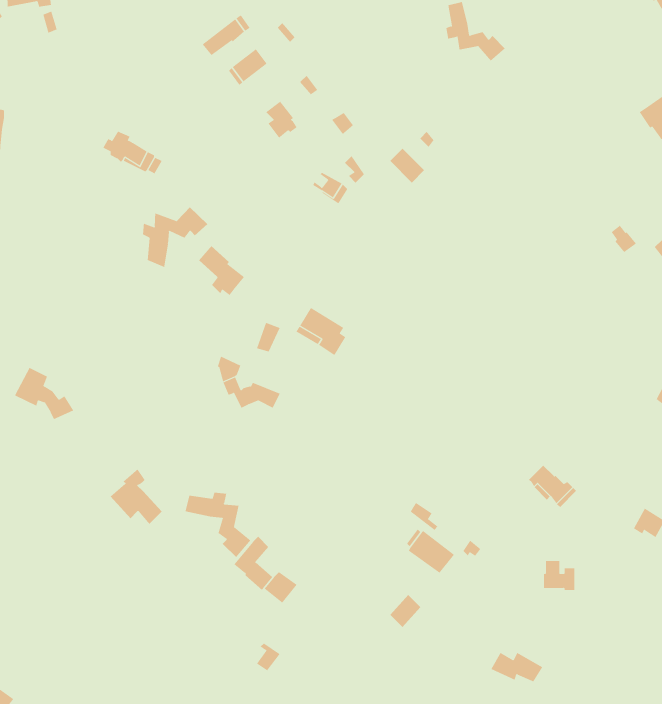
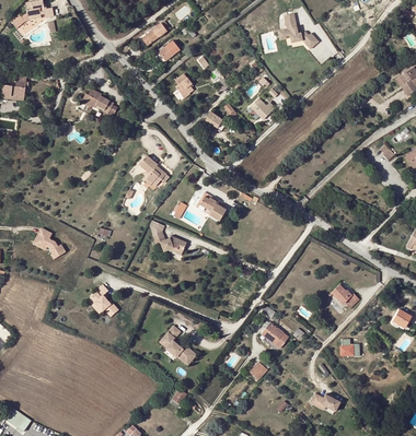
building: [143,206,208,268] -> none
building: [185,492,251,558] -> none

